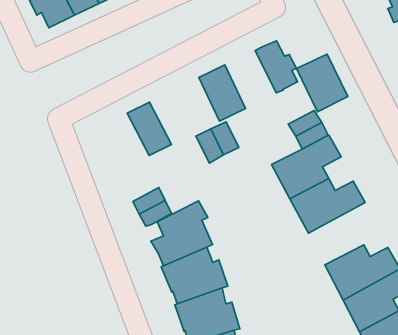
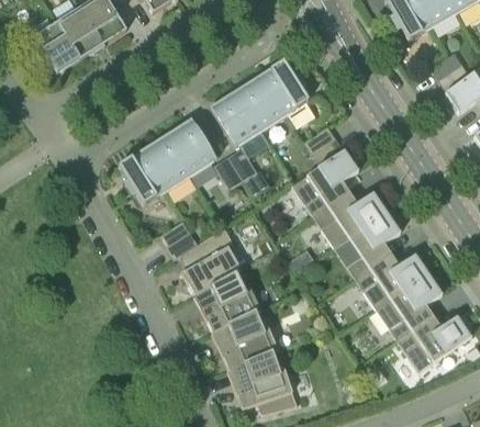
building: [297,54,348,112] -> [235,74,289,132]
building: none -> [165,119,217,176]
building: none -> [119,149,170,205]
building: none -> [348,212,402,278]

